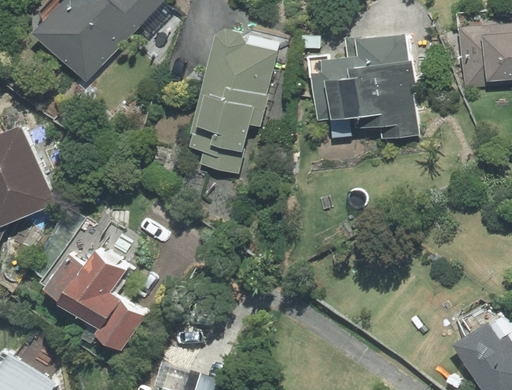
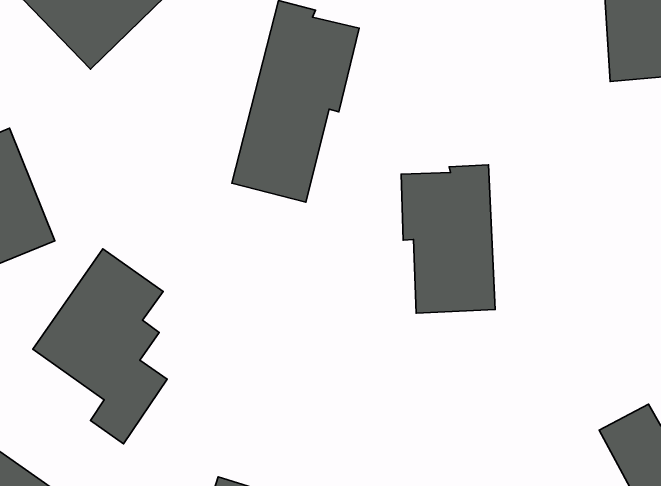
building: [310,35,418,140] -> none
building: none -> [401,165,495,313]

